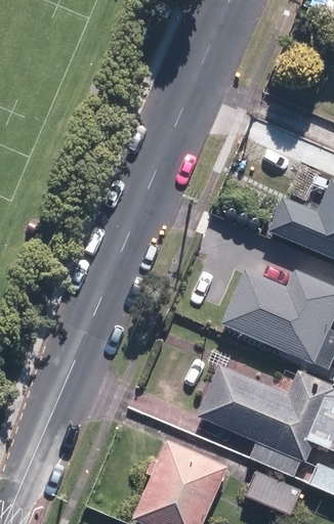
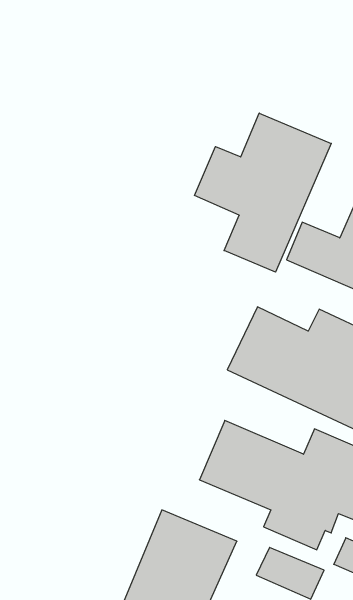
building: none -> [194,113,331,272]

